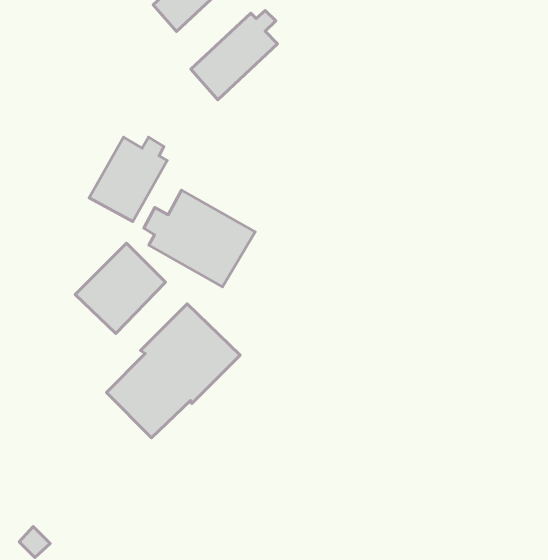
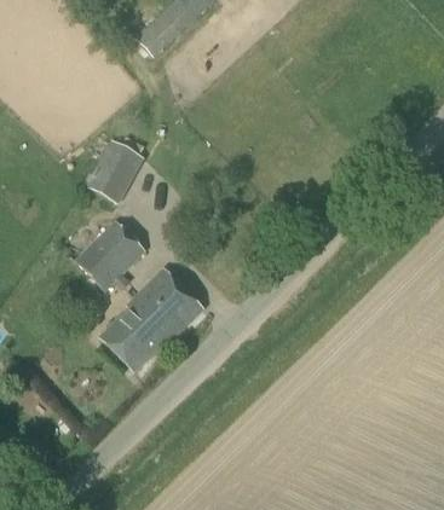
building: [191,10,278,100] -> none
building: [144,190,255,287] -> none

